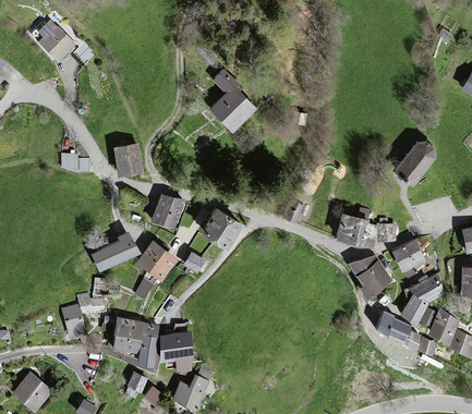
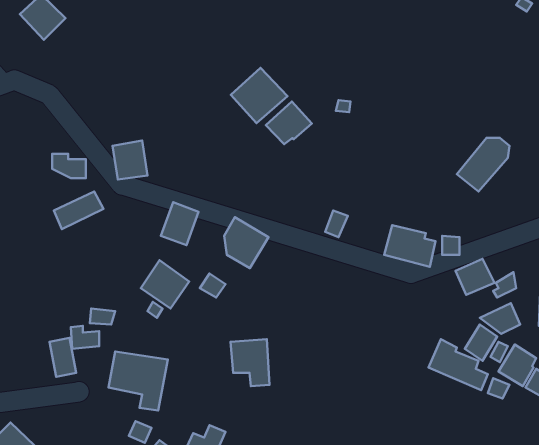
building: none -> [266,102,312,144]
building: [97,238,137,268] -> [54,192,104,229]
building: [348,255,391,296] -> none
building: [161,331,193,369] -> [231,339,270,386]

